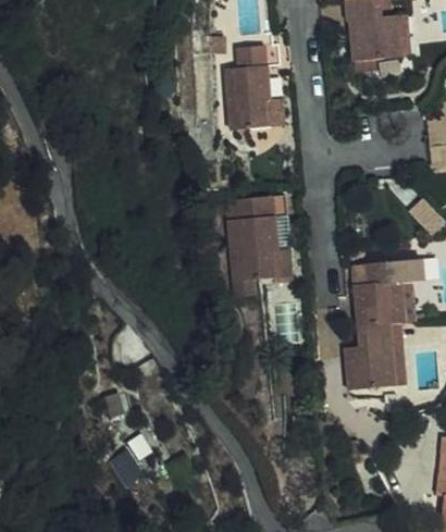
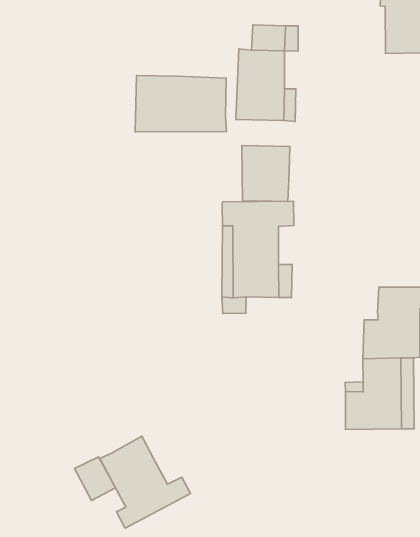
building: none -> [135,75,226,132]
building: none -> [242,146,290,201]
building: none -> [100,436,190,528]

